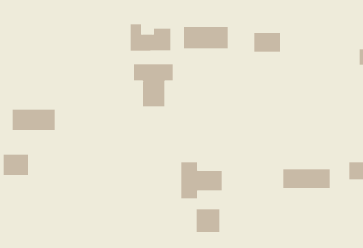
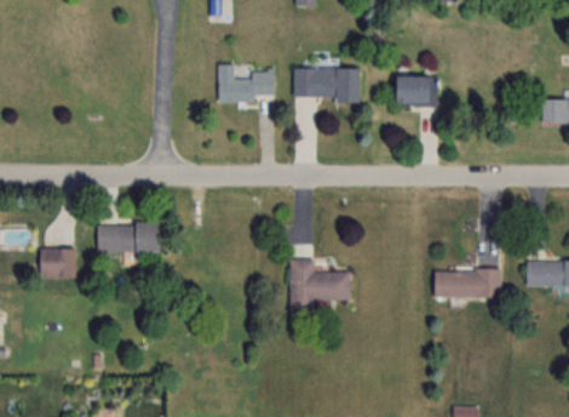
building: [133,63,173,107] -> none
building: [12,109,55,130] -> [97,223,159,253]
building: [196,208,220,233] -> none

